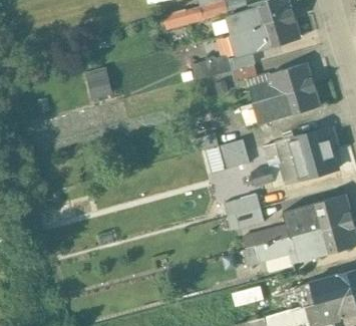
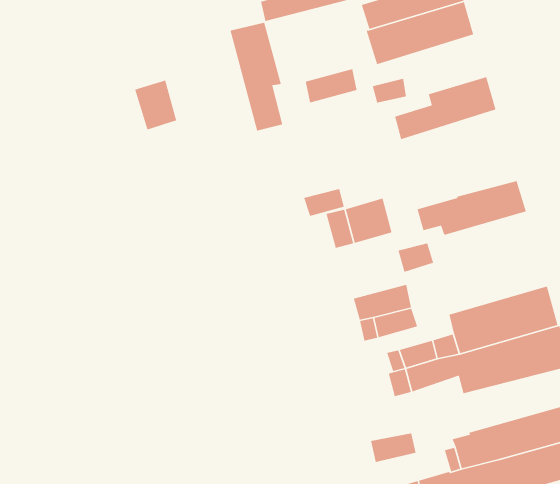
building: none -> [230,22,283,132]
building: [253,84,320,124] -> none
building: [280,148,338,183] -> none

